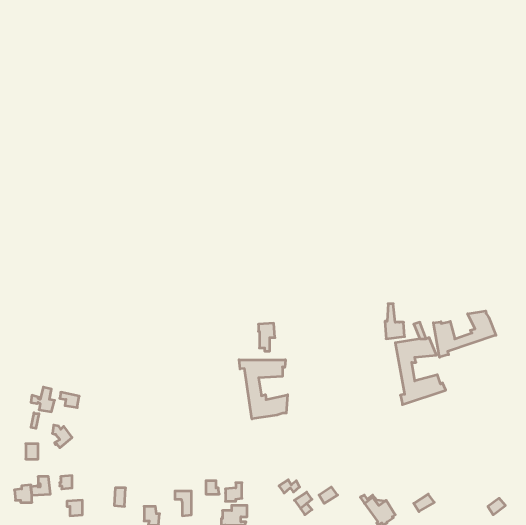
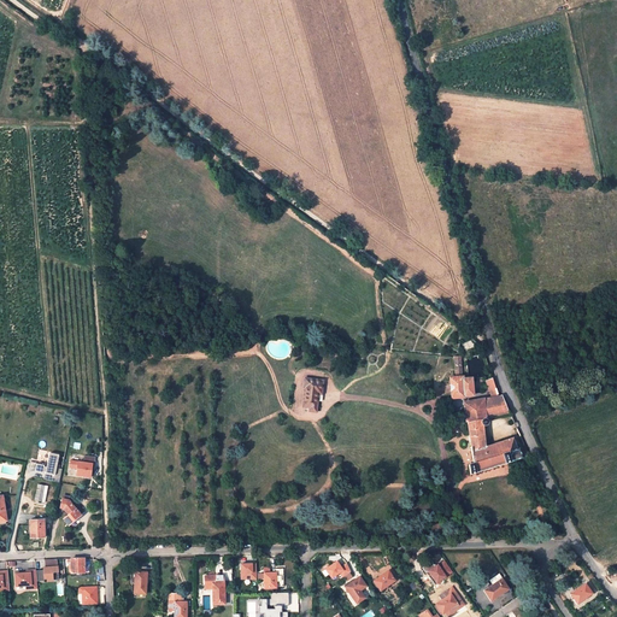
building: [433,311,496,357] -> none
building: [239,360,288,419] -> none

